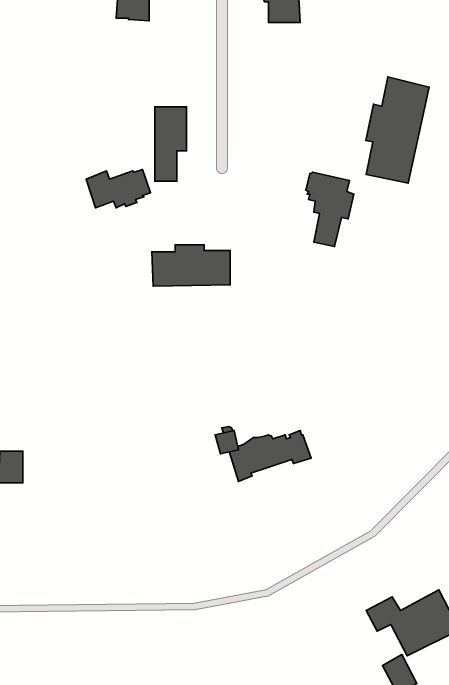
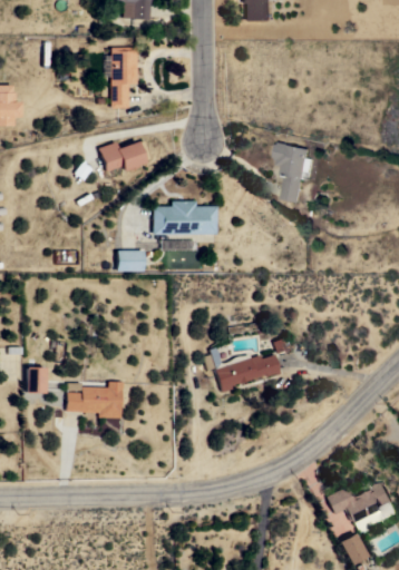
building: [366,77,429,183] -> none
building: [155,107,186,181] -> [110,48,136,108]
building: none -> [116,250,143,272]
building: none -> [65,382,121,419]

